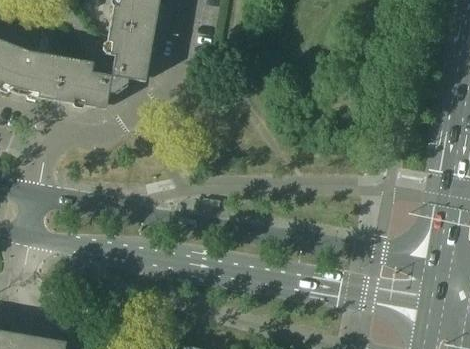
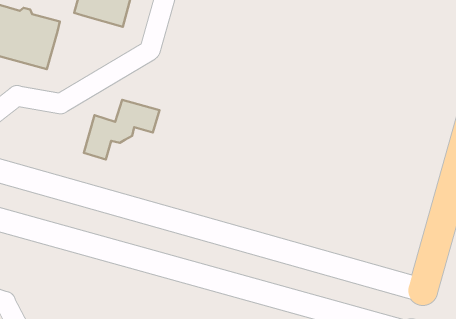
building: [86,55,149,109] -> [84,100,160,160]

